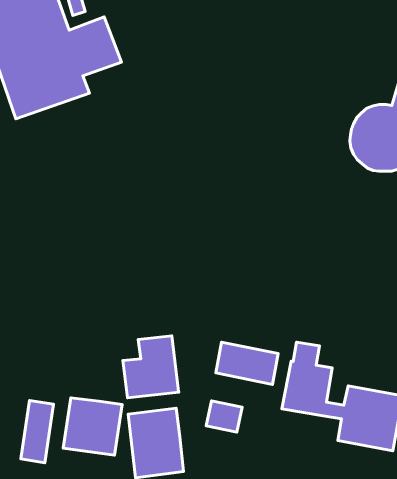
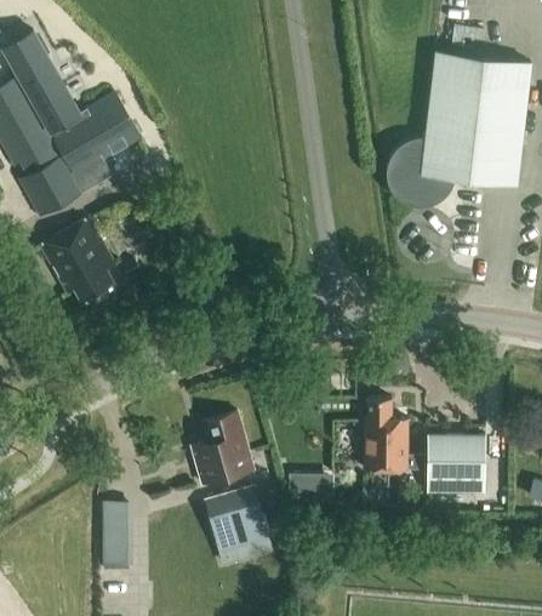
building: none -> [42,219,121,312]
building: [216,342,278,384] -> none
building: [63,398,122,455] -> none

